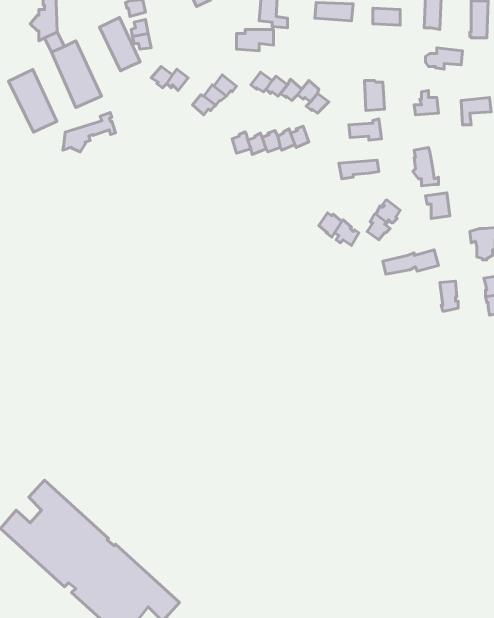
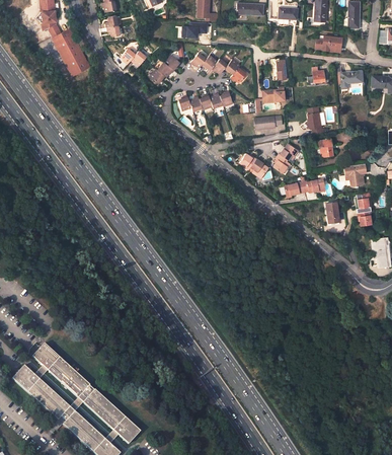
building: [99,18,140,71] -> none
building: [8,70,57,132] -> none
building: [63,113,116,152] -> none

